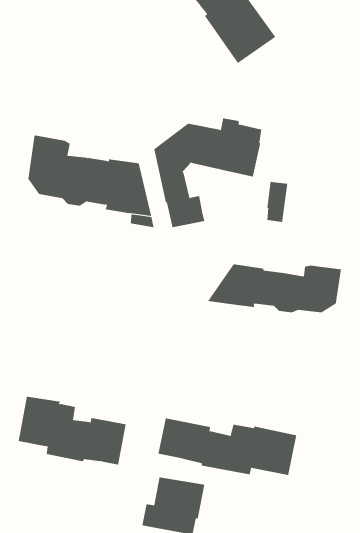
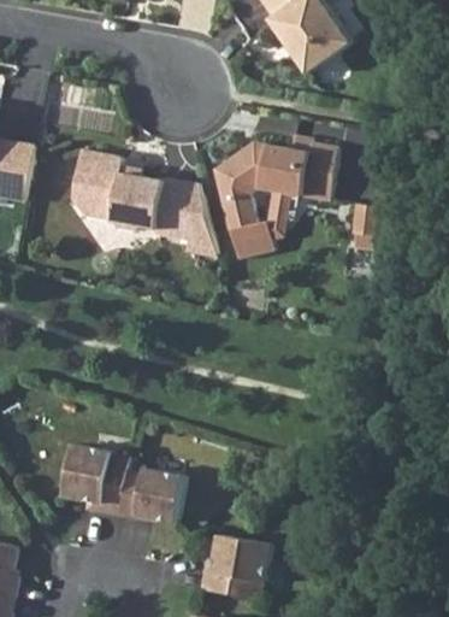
building: none -> [248,183,288,237]
building: [207,264,342,313] -> none
building: [158,417,297,476] -> none

